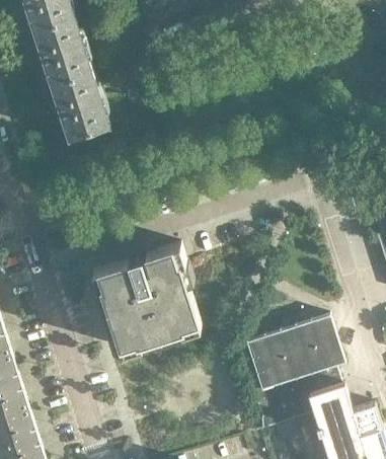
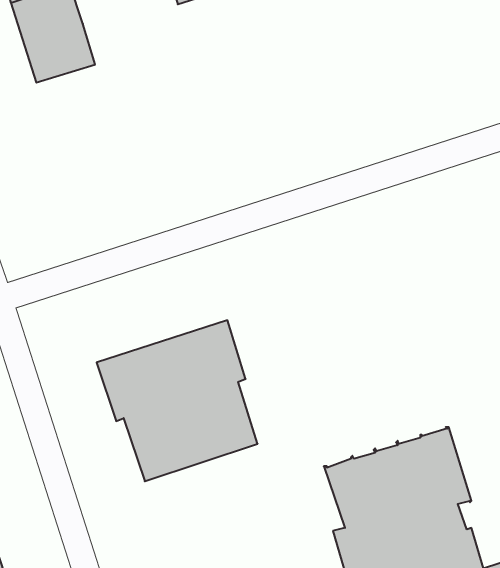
building: [50,74,107,142] -> none

